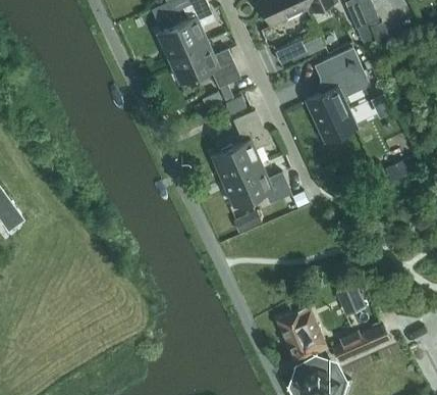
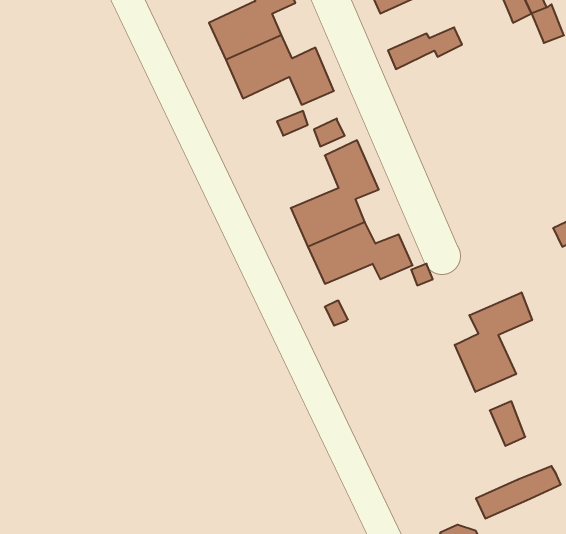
building: [306,49,369,142] -> none
building: none -> [455,292,532,392]
building: [277,307,327,362] -> none

